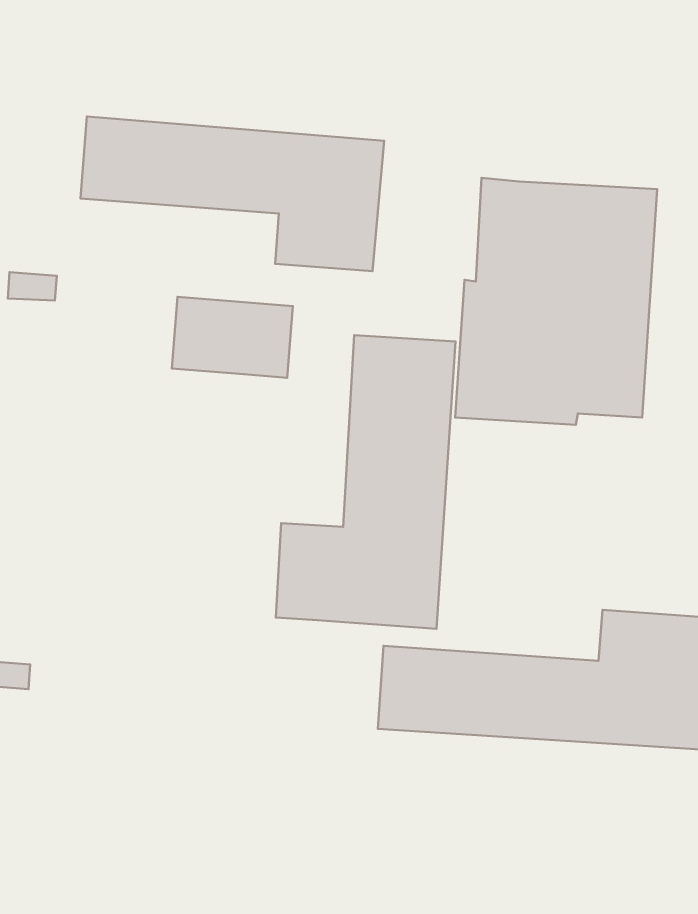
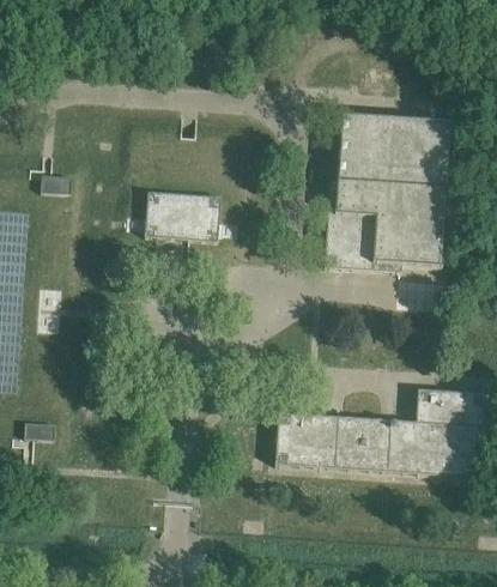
building: [80,116,384,271] -> none
building: [276,335,455,629] -> none

